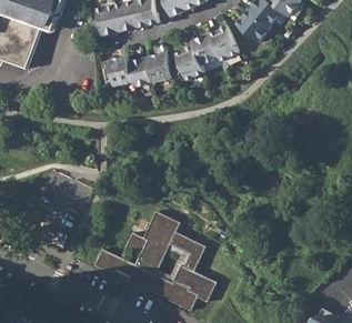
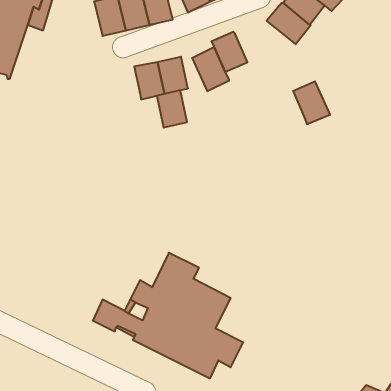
building: [209,26,239,60] -> [293,81,330,124]
building: [108,55,132,85] -> [157,90,187,128]

